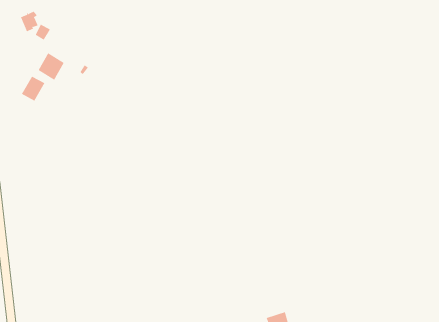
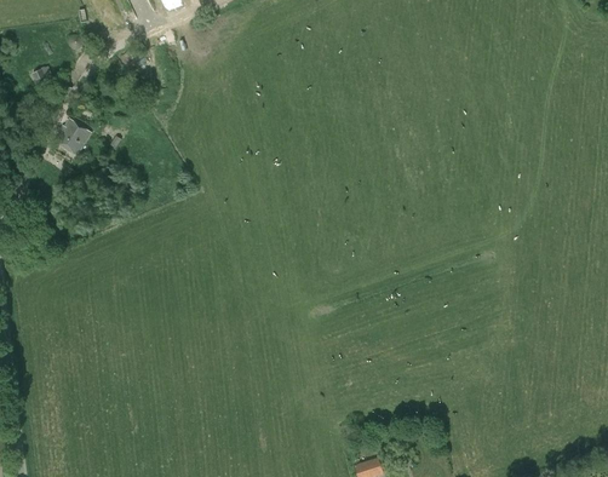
building: [21,76,45,101] -> none

